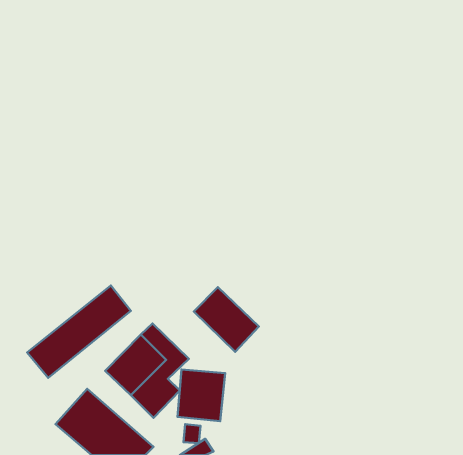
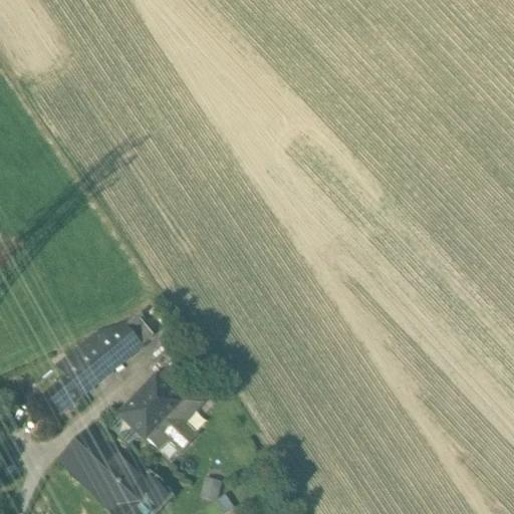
building: [194,287,259,352] -> none
building: [178,369,225,421] -> none

